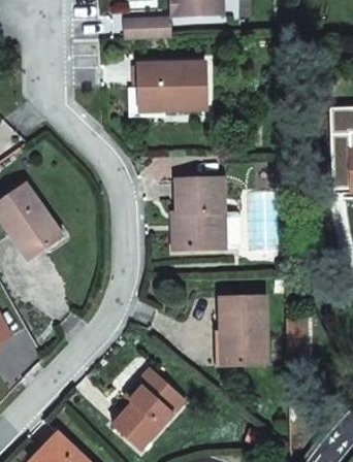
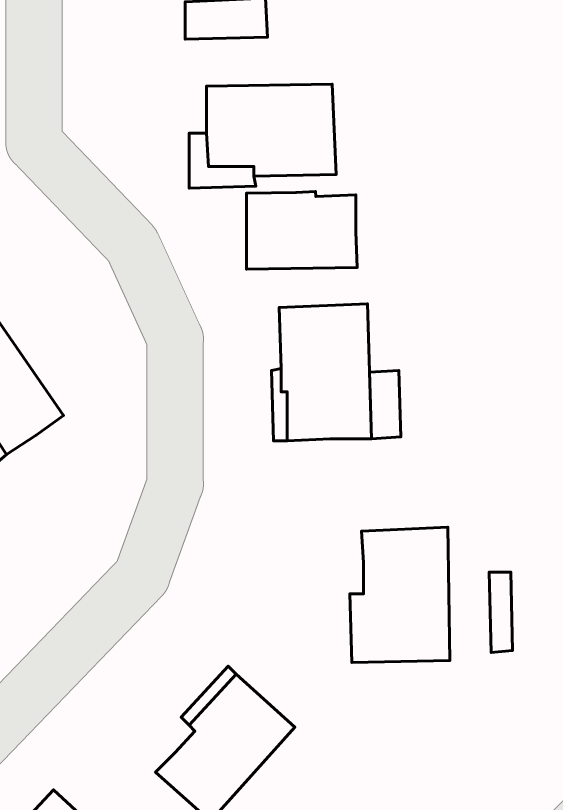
building: none -> [247,192,357,269]

